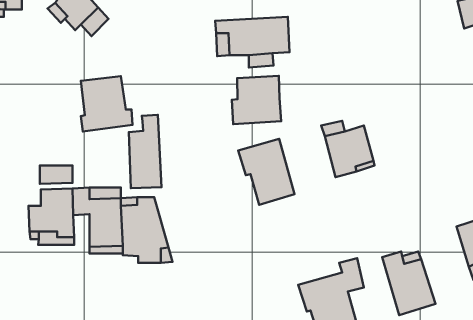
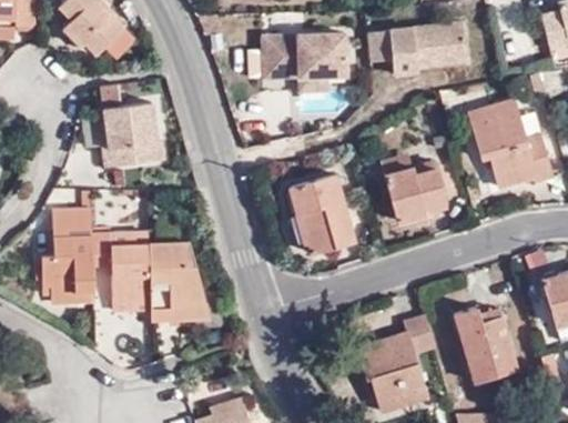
building: none -> [367,23,467,75]
building: none -> [469,101,550,188]
building: [232,76,281,124] -> none
building: [129,115,161,188] -> none

